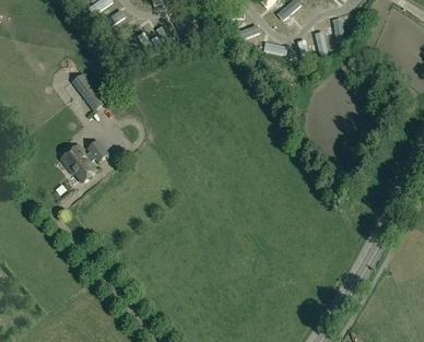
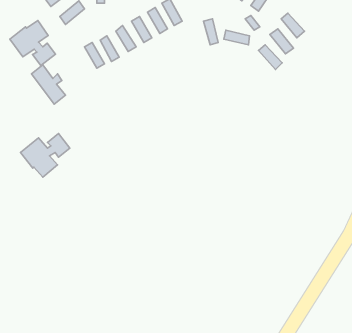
building: none -> [10,21,56,66]

